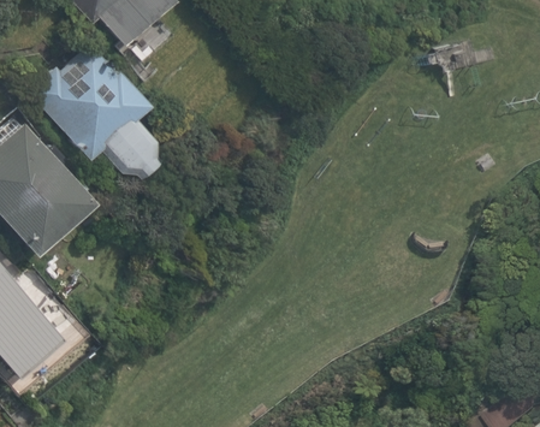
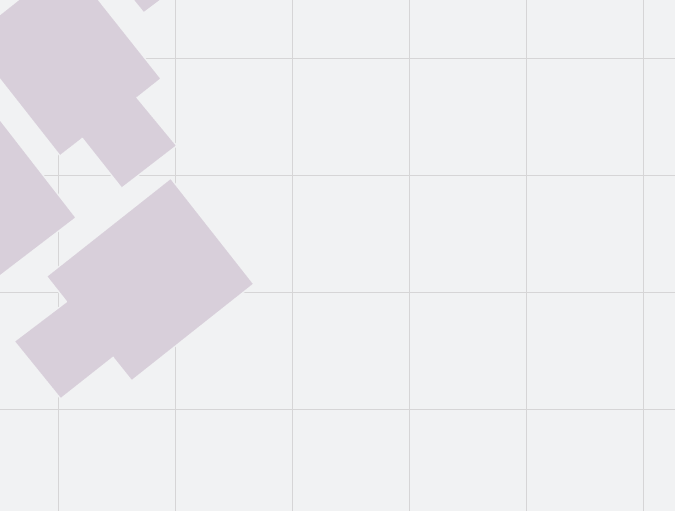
building: none -> [14,178,254,399]

